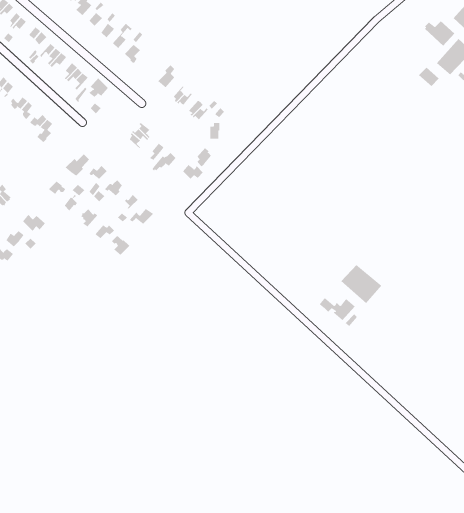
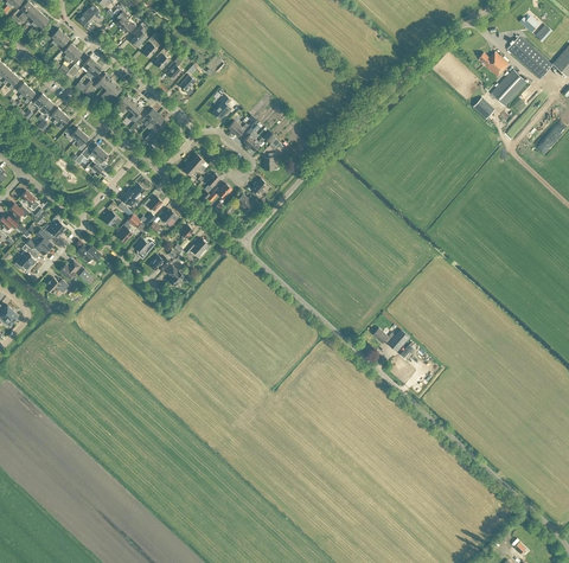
building: [341,264,382,304] -> none

